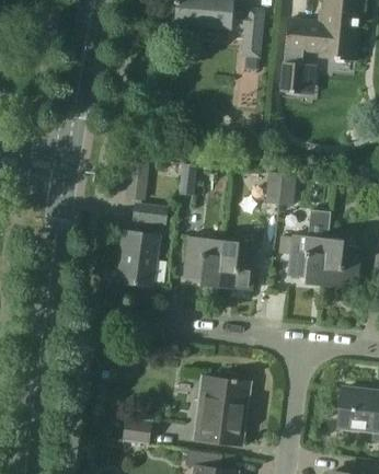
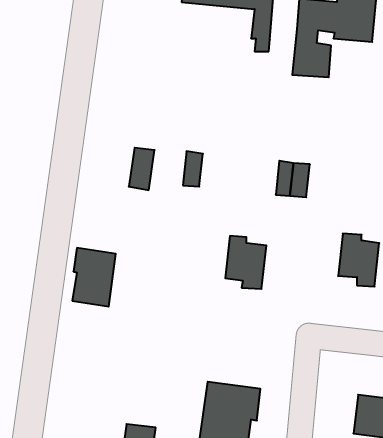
building: [131,201,169,224] -> none
building: [288,210,330,278] -> none
building: [119,230,160,285] -> [72,248,116,307]
building: [183,238,221,280] -> none

